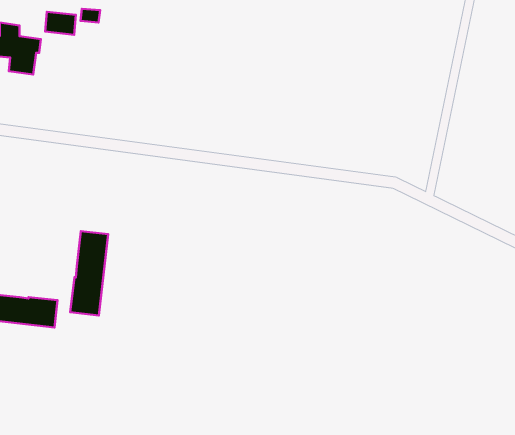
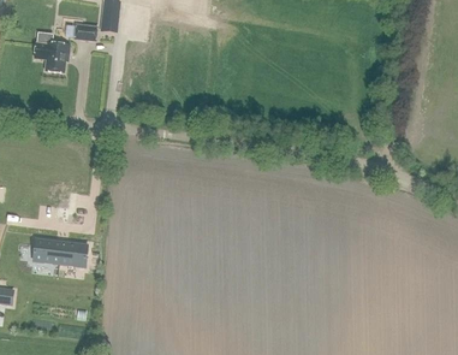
building: [70,231,108,315] -> none

